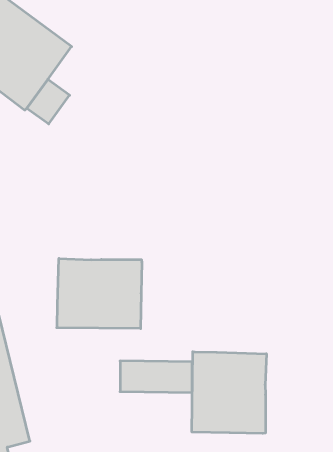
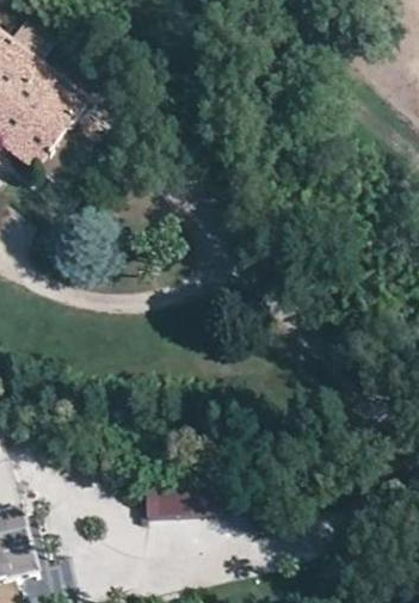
building: [57,258,142,329] -> none
building: [192,352,266,433] -> none

